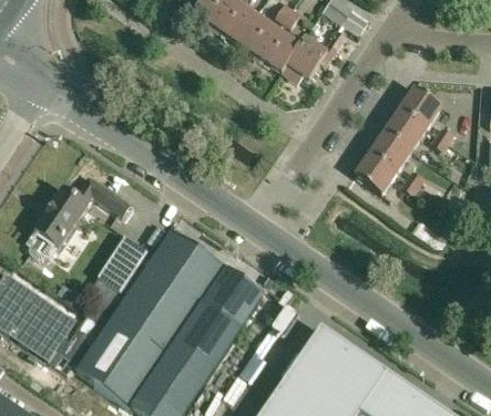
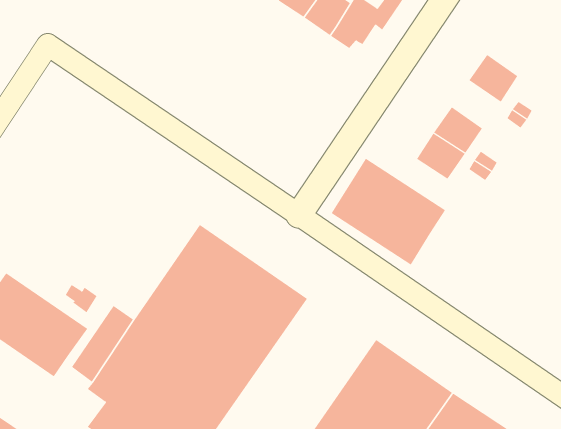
building: [385,108,427,149] -> none
building: none -> [331,158,446,265]
building: [27,175,133,257] -> none
building: [99,236,147,292] -> none

